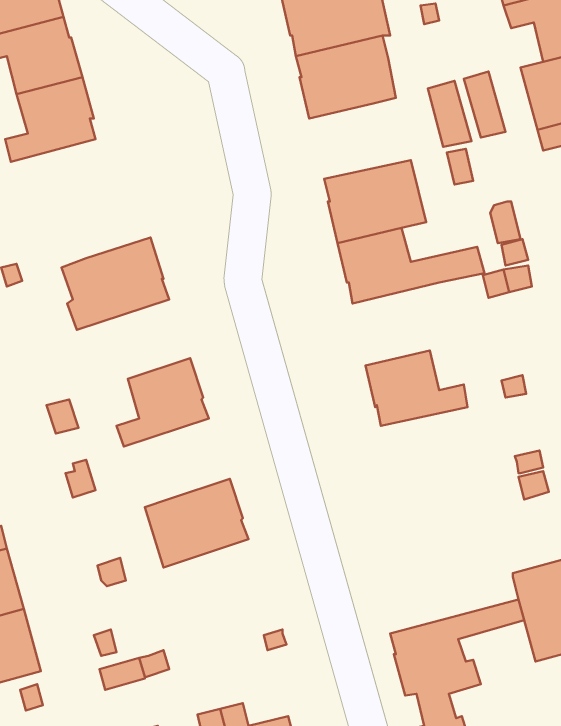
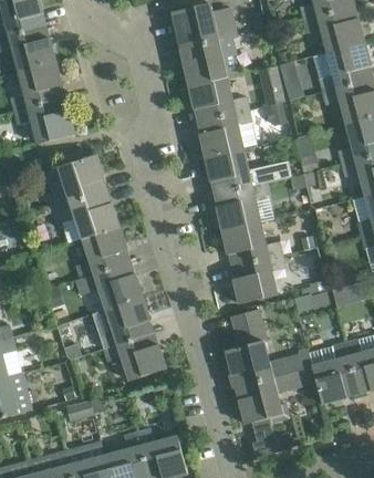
building: none -> [188,76,248,121]
building: none -> [13,97,74,144]
building: none -> [214,181,273,230]
building: none -> [52,191,118,243]
building: none -> [230,254,284,303]
building: none -> [74,261,142,309]
building: none -> [225,309,311,387]
building: none -> [103,332,166,381]

